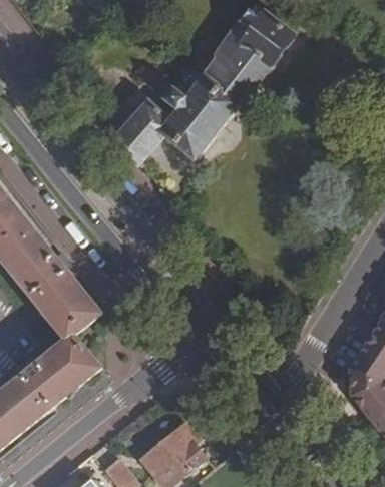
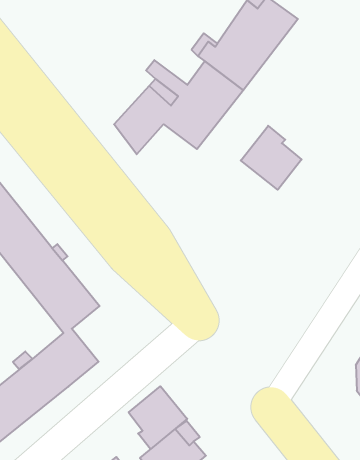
building: none -> [241,126,302,190]
building: none -> [129,386,187,449]

